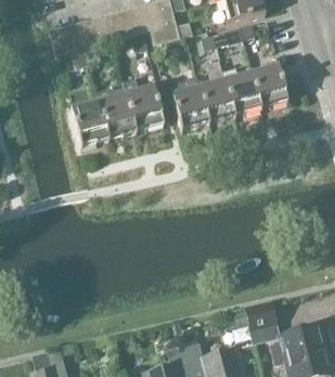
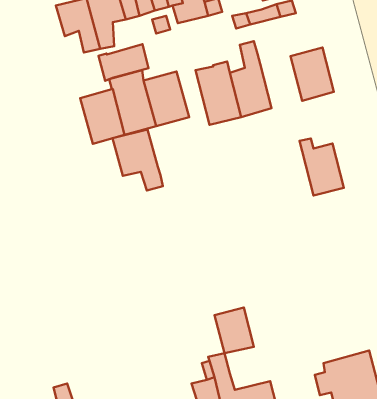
building: none -> [99,44,149,81]
building: [222,67,260,116] -> [299,138,344,195]
building: none -> [112,129,163,191]
building: [245,300,279,339] -> [214,308,254,353]

